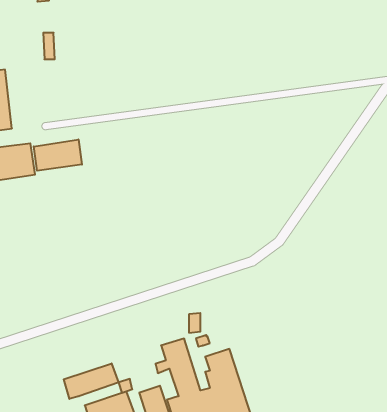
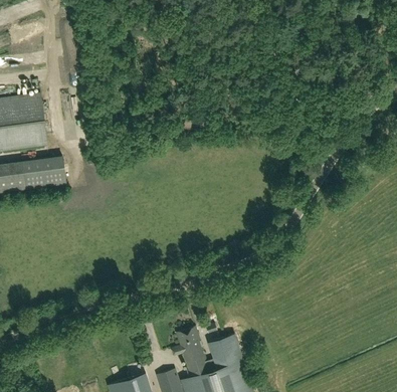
building: [34,139,82,171] -> none
building: [64,363,118,399] -> none

